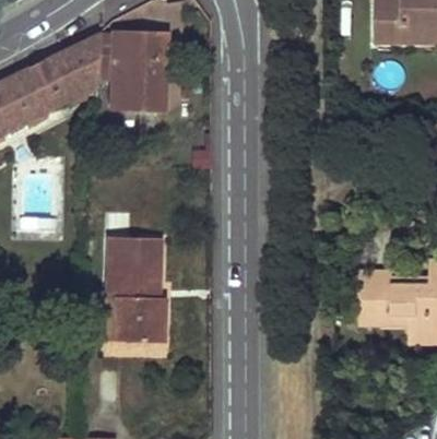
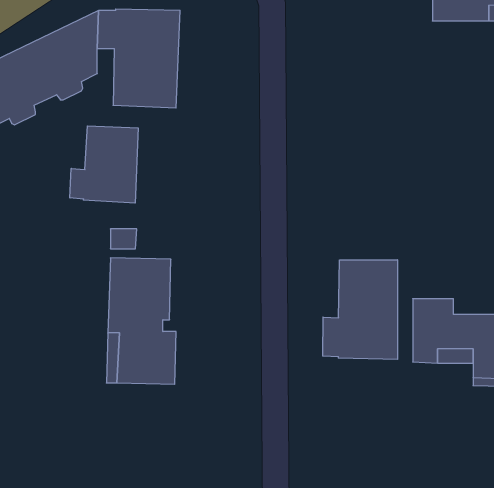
building: none -> [70,126,138,203]
building: none -> [323,260,397,359]

